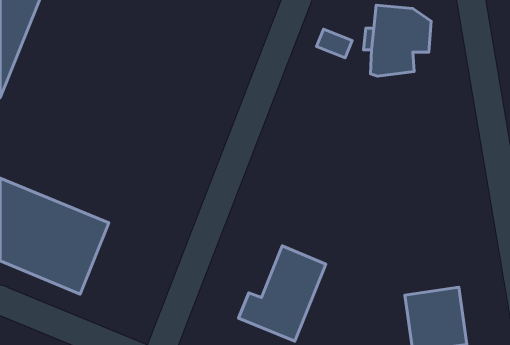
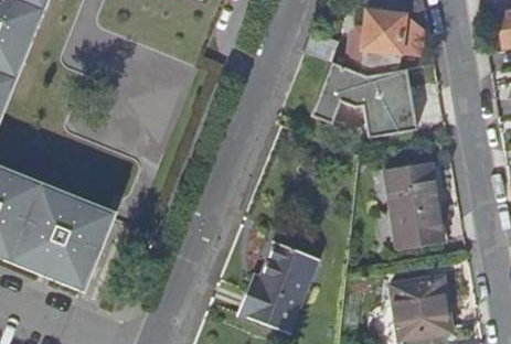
building: none -> [310,64,417,141]
building: none -> [376,162,451,254]

